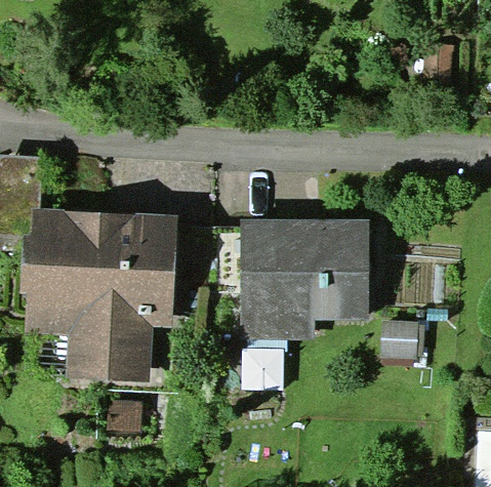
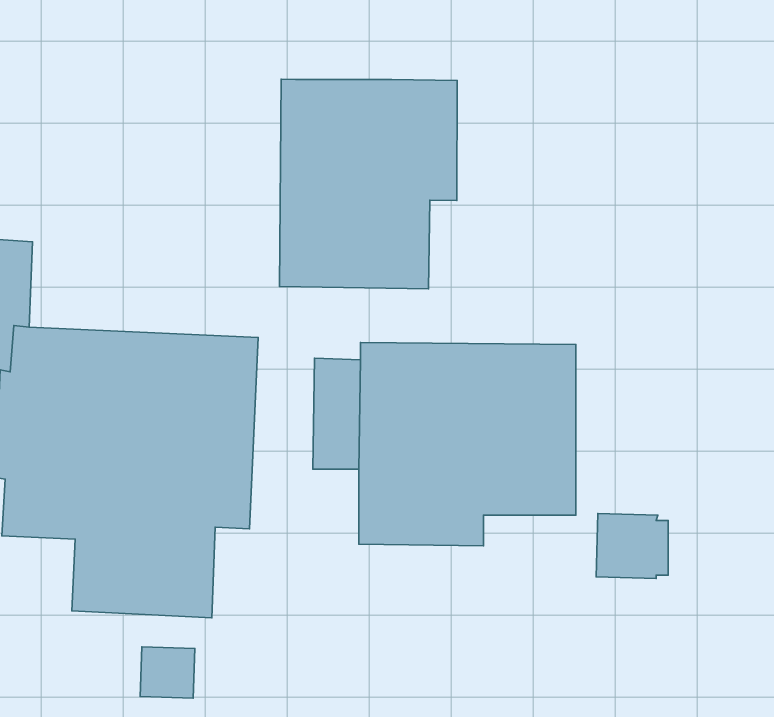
building: none -> [279,79,457,289]

